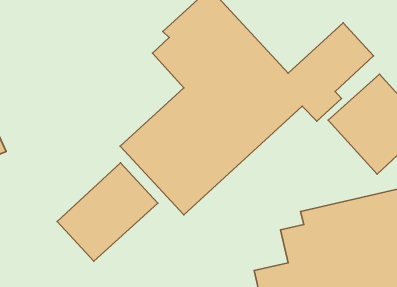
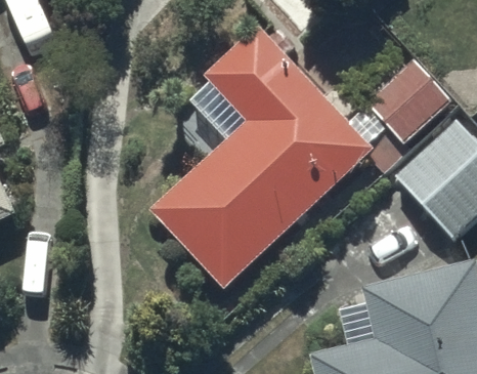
building: [57,163,158,261] -> none

